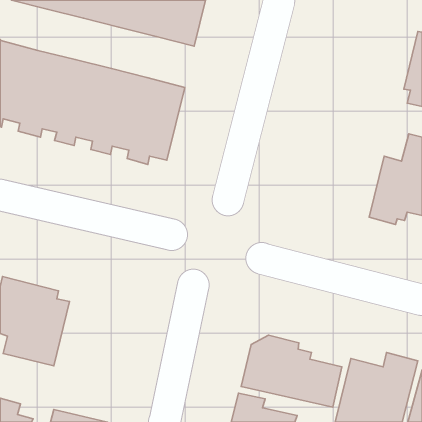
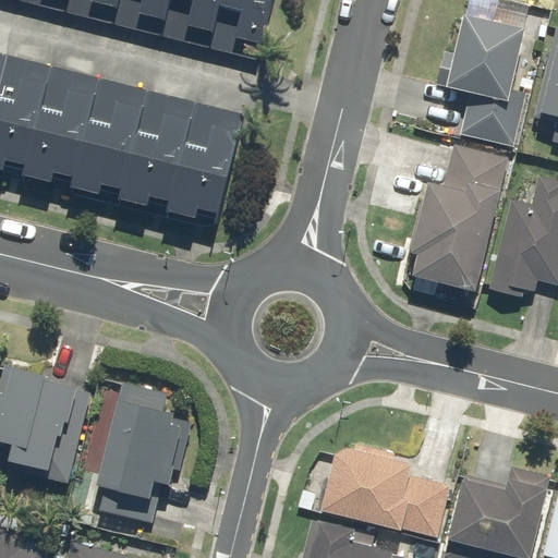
building: none -> [444,13,535,147]
building: none -> [409,144,508,291]
building: none -> [90,384,182,521]

